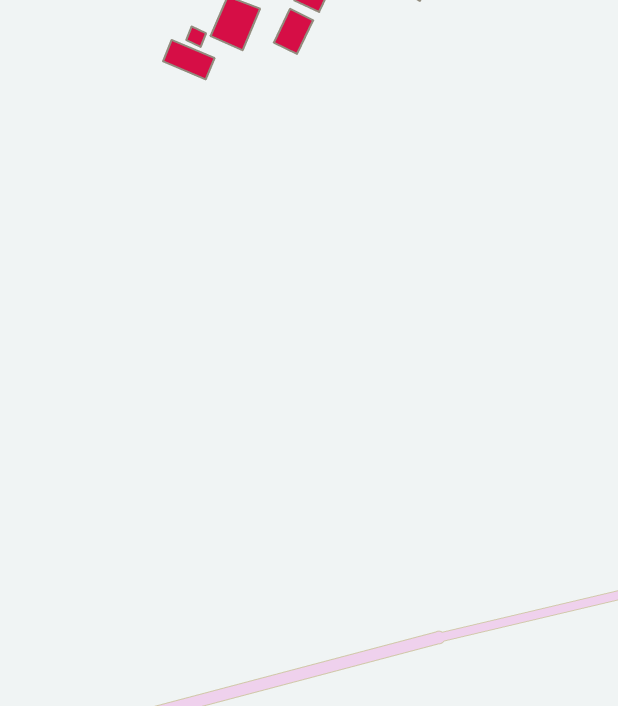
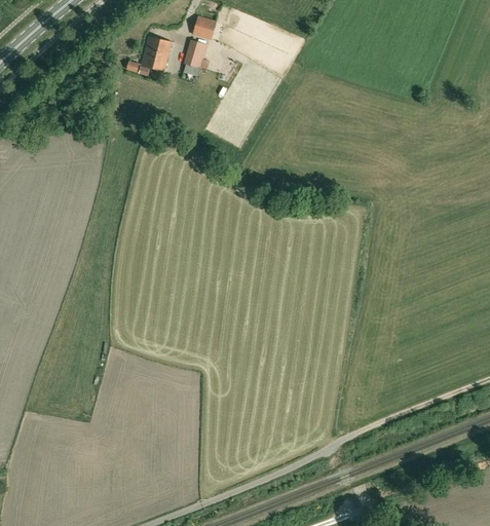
building: [163,40,214,79] -> none

